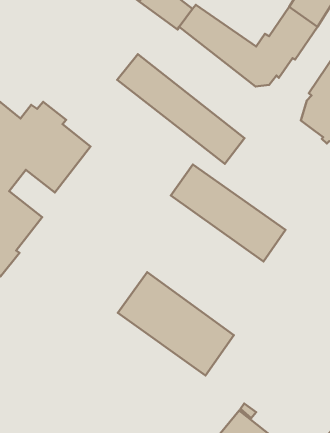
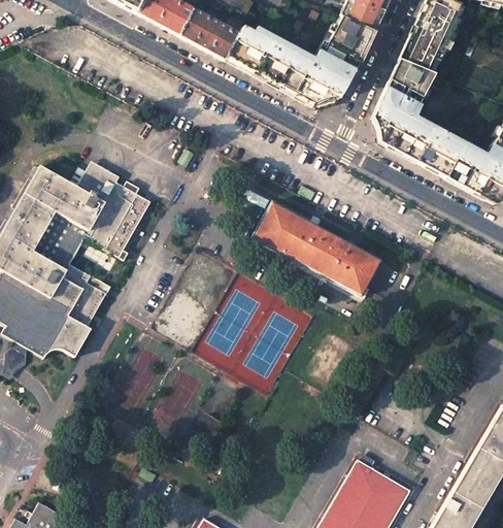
building: [117,54,245,164] -> none
building: [118,272,234,375] -> none

